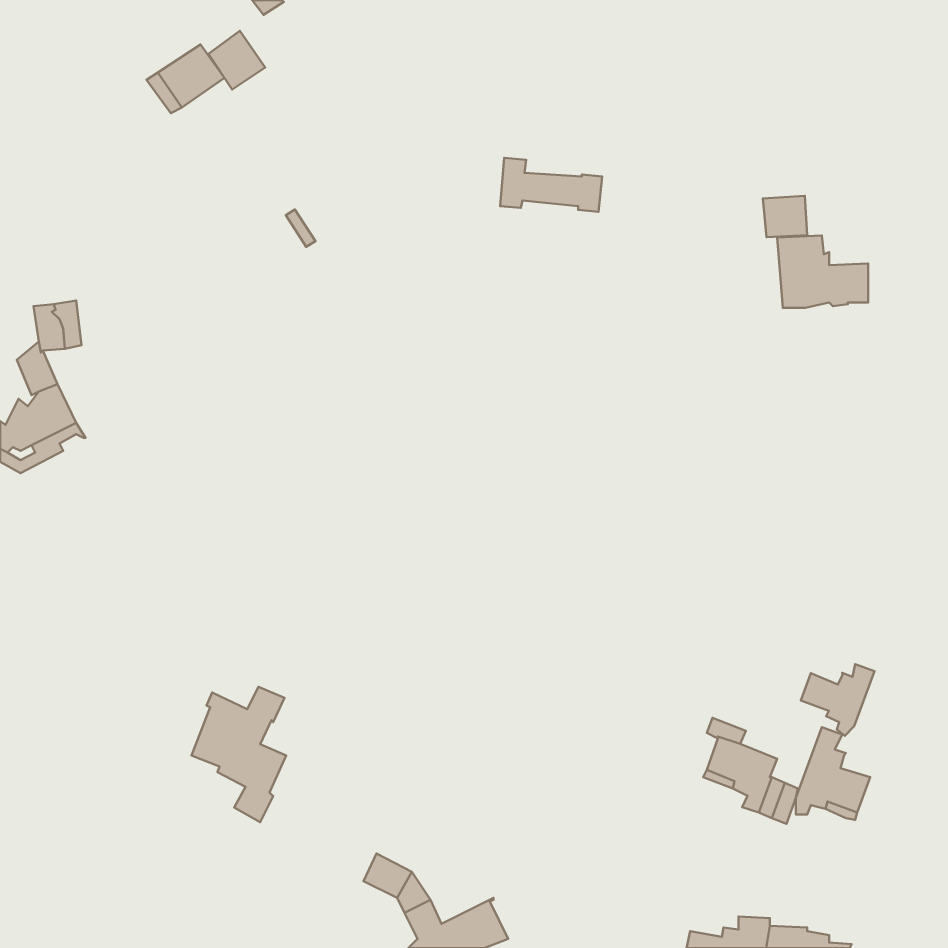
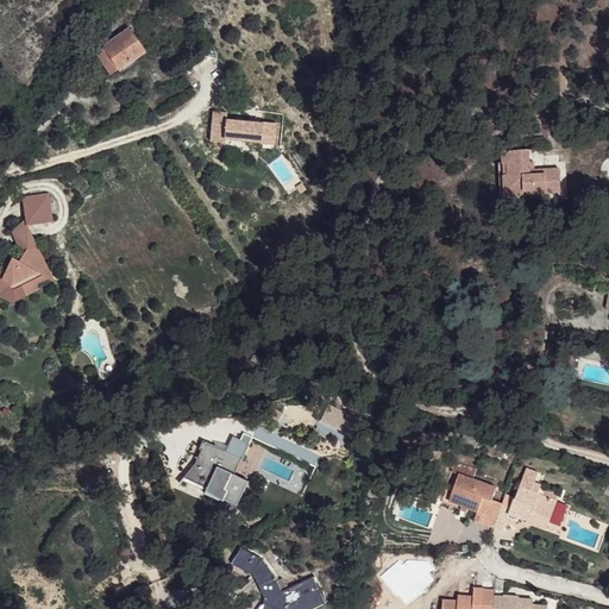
building: [209,31,265,90] -> none
building: [500,158,602,212] -> [211,111,276,145]
building: [763,196,807,237] -> none
building: [801,664,874,736] -> none
building: [192,687,286,822] -> [190,437,251,523]

